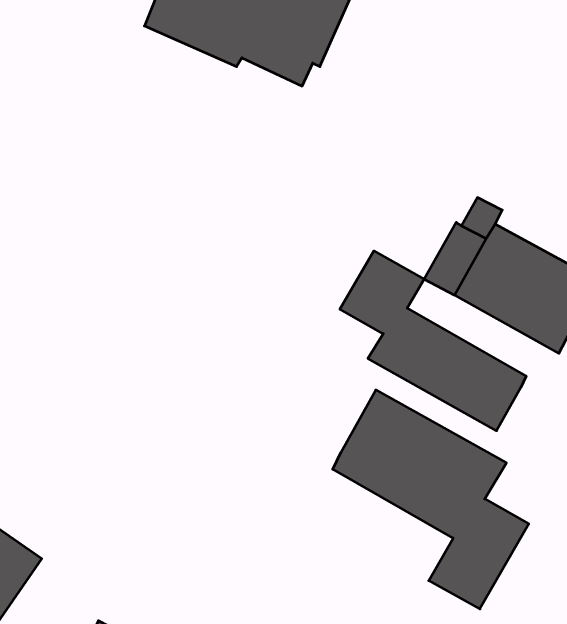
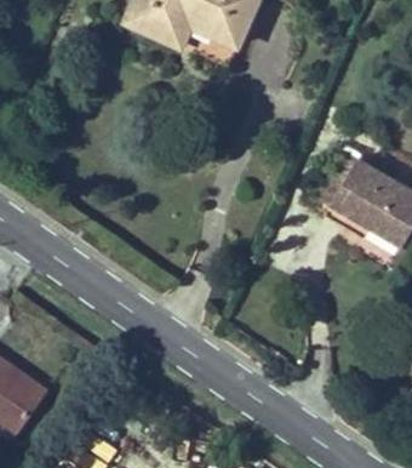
building: [340,251,526,431] -> none
building: [333,390,529,609] -> none

